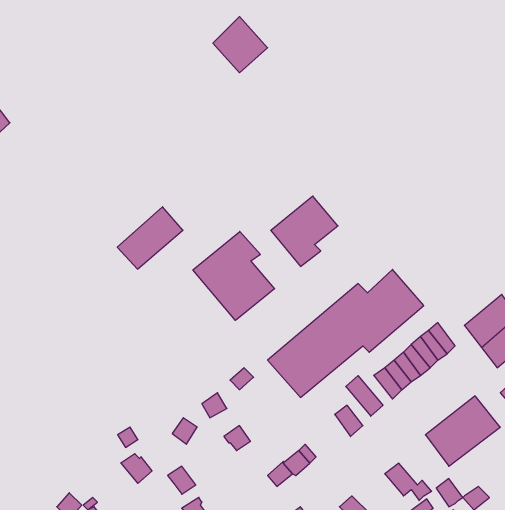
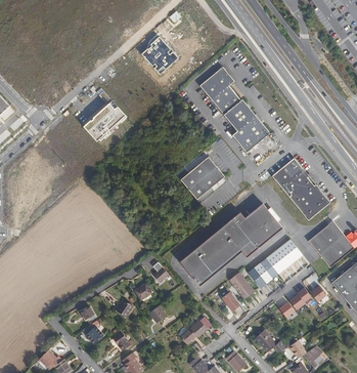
building: none -> [200,66,270,150]
building: none -> [271,157,329,219]
building: [117,207,183,269] -> [84,100,127,141]
building: [193,231,275,320] -> none

